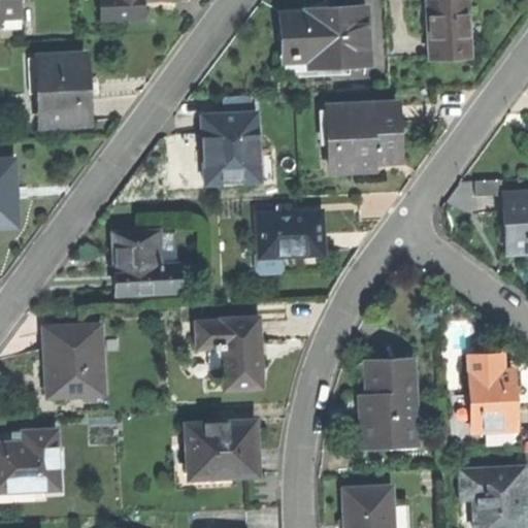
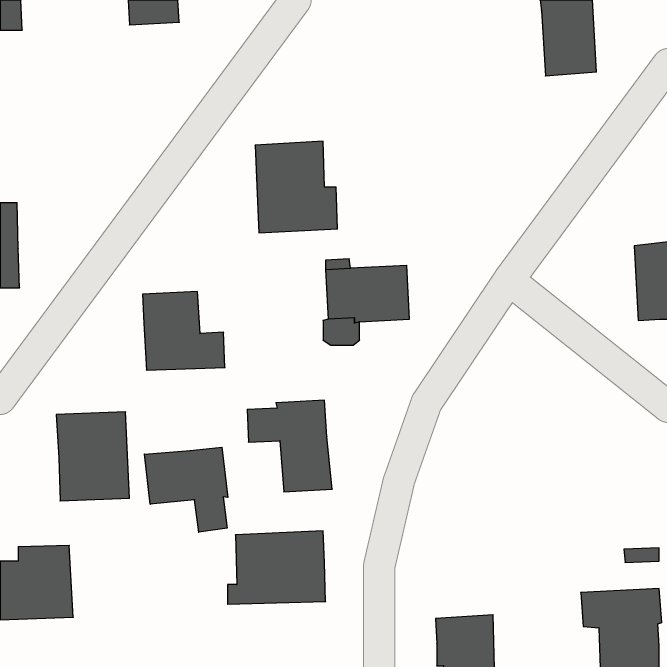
building: [283,5,368,74] -> none
building: [38,56,88,126] -> none
building: [327,102,399,171] -> none
building: [466,352,517,429] -> none
building: none -> [144,447,228,532]
building: [361,359,416,446] -> none

